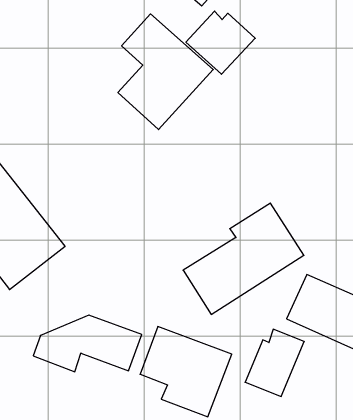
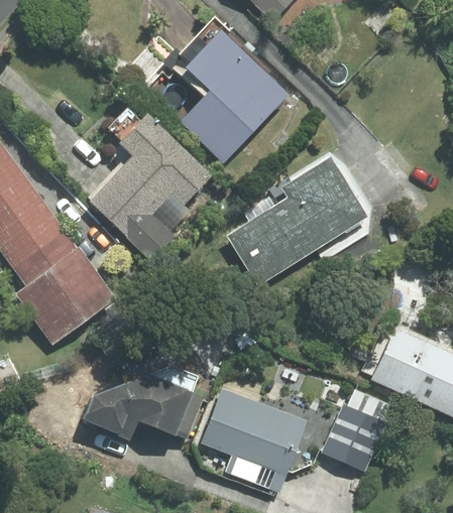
building: [186,11,255,74] -> none
building: none -> [88,115,210,260]
building: [183,203,304,314] -> [226,158,364,285]

